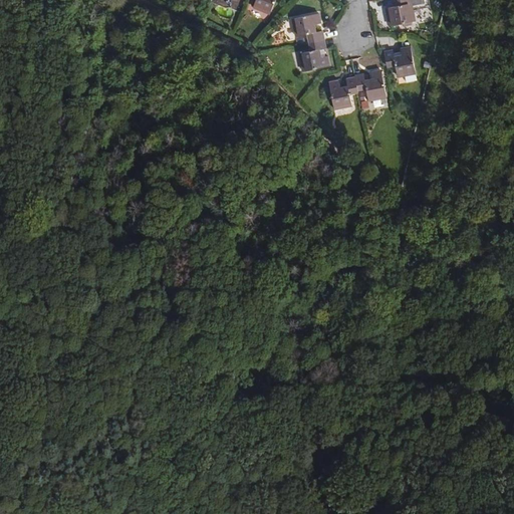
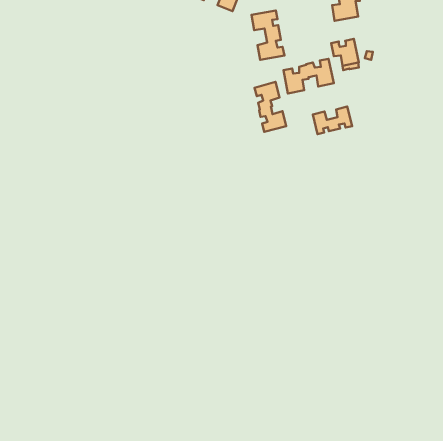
building: none -> [255,82,286,132]
building: none -> [313,107,352,134]

